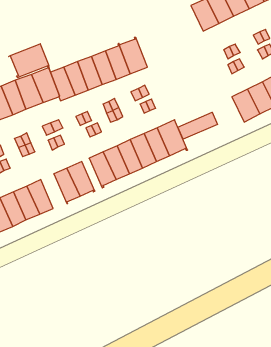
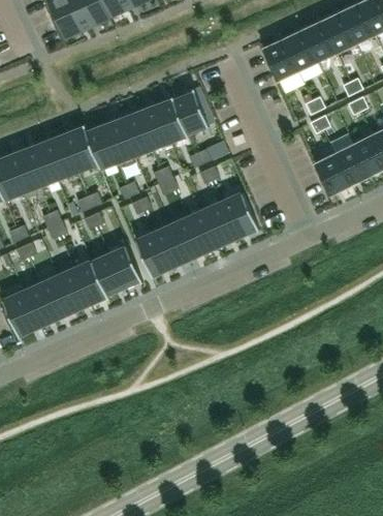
building: [9,44,49,78] -> none
building: [178,112,218,139] -> none
building: none -> [75,261,108,304]

